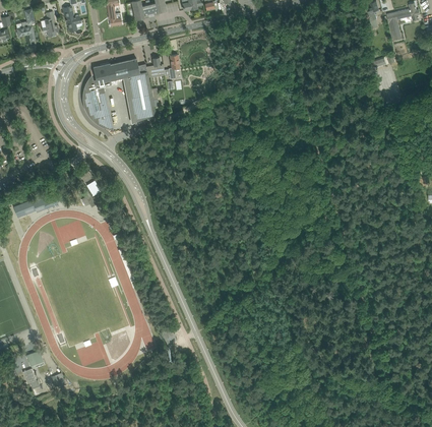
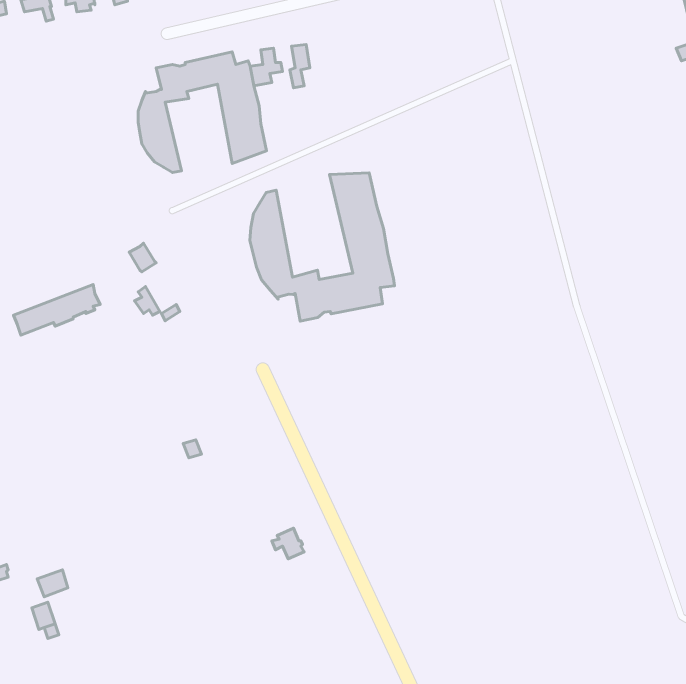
building: none -> [250,173,394,321]

